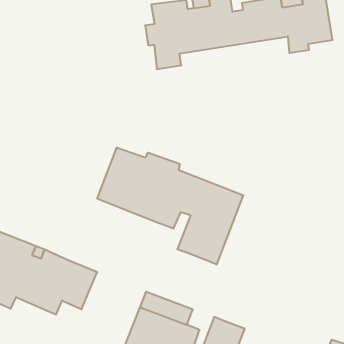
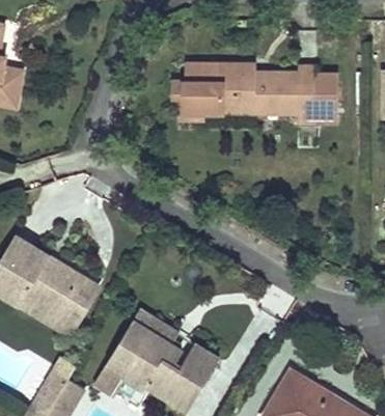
building: [97,147,243,265] -> none
building: none -> [19,296,80,335]

